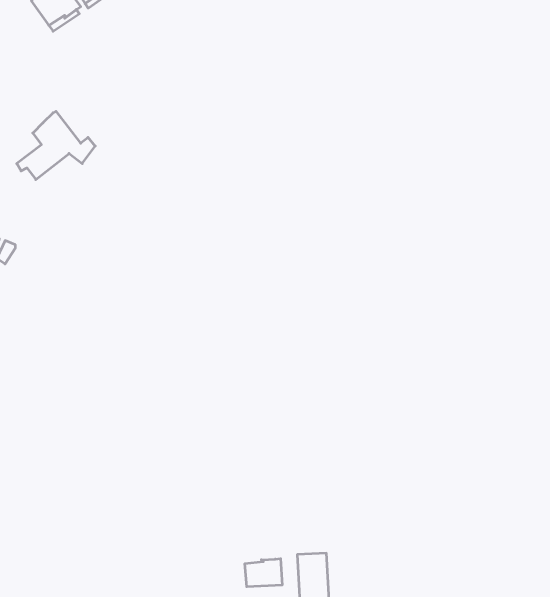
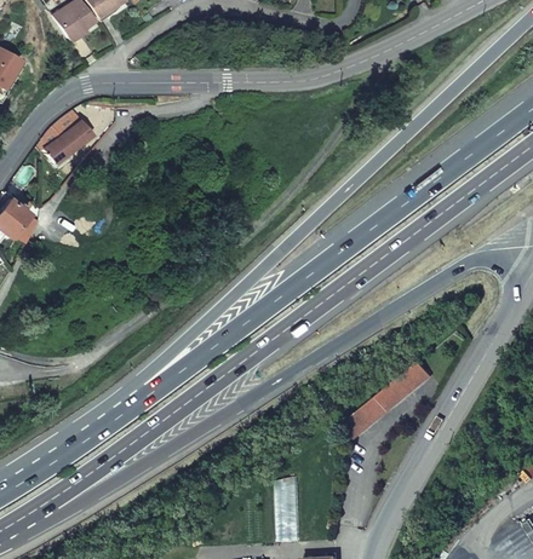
building: none -> [346,359,435,436]
building: [245,559,282,587] -> none

